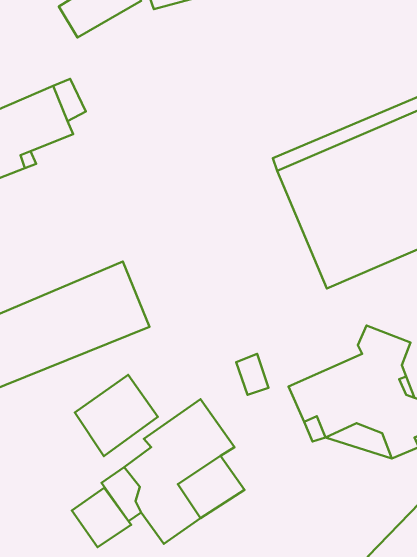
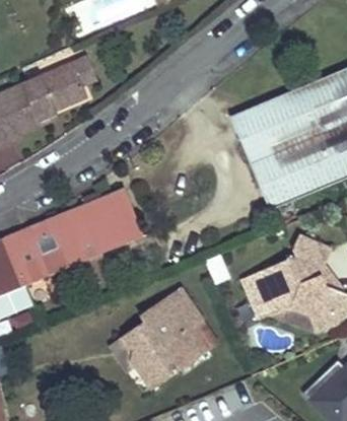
building: [75,375,158,456] -> none
building: [72,488,131,547] -> none

